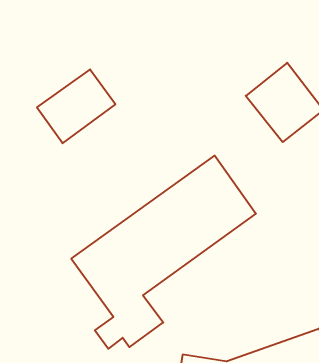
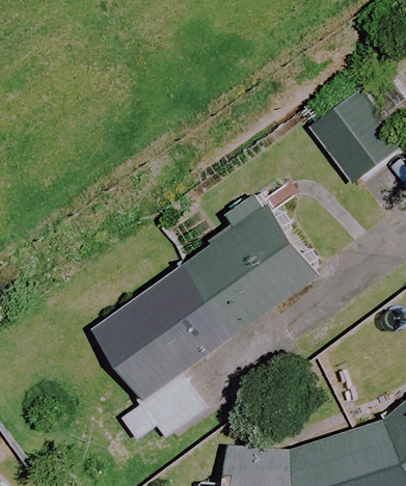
building: [37,69,115,143] -> none

